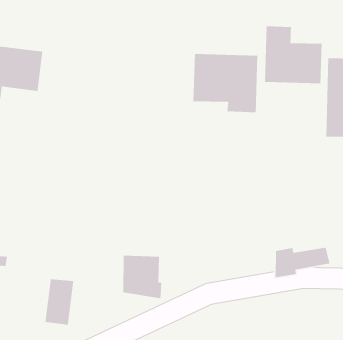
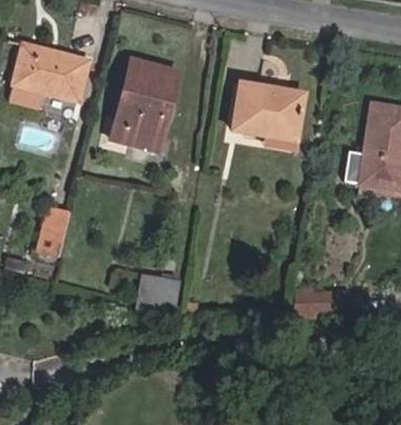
building: [264,26,323,84] -> none
building: none -> [111,58,179,150]
building: [45,278,74,325] -> [37,206,72,255]

